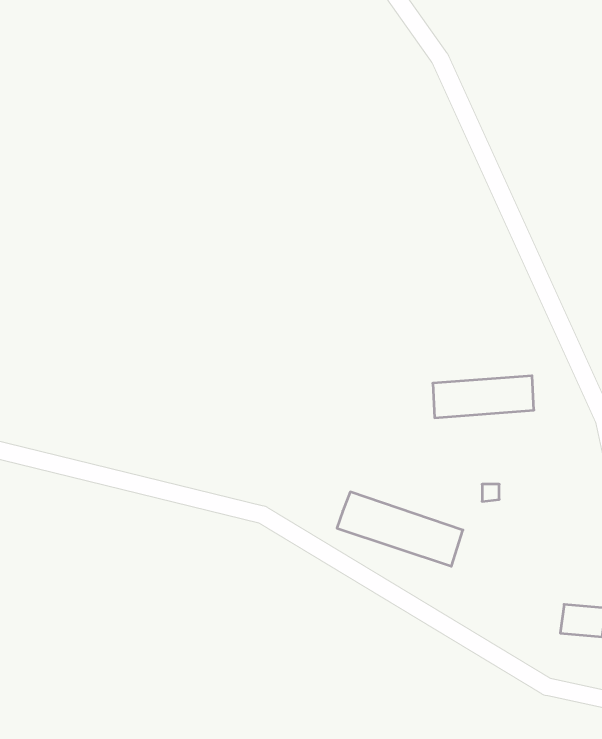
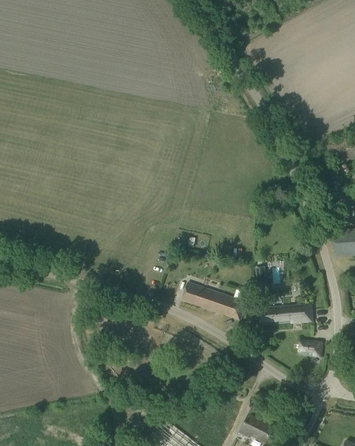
building: [433,376,534,418] -> [260,304,313,326]

